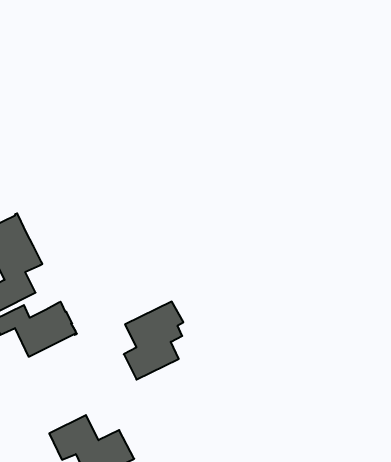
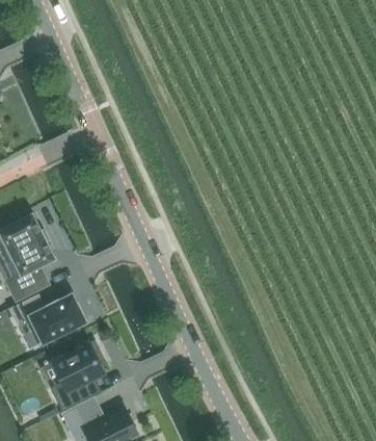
building: [124,302,183,380] -> [49,342,103,413]

